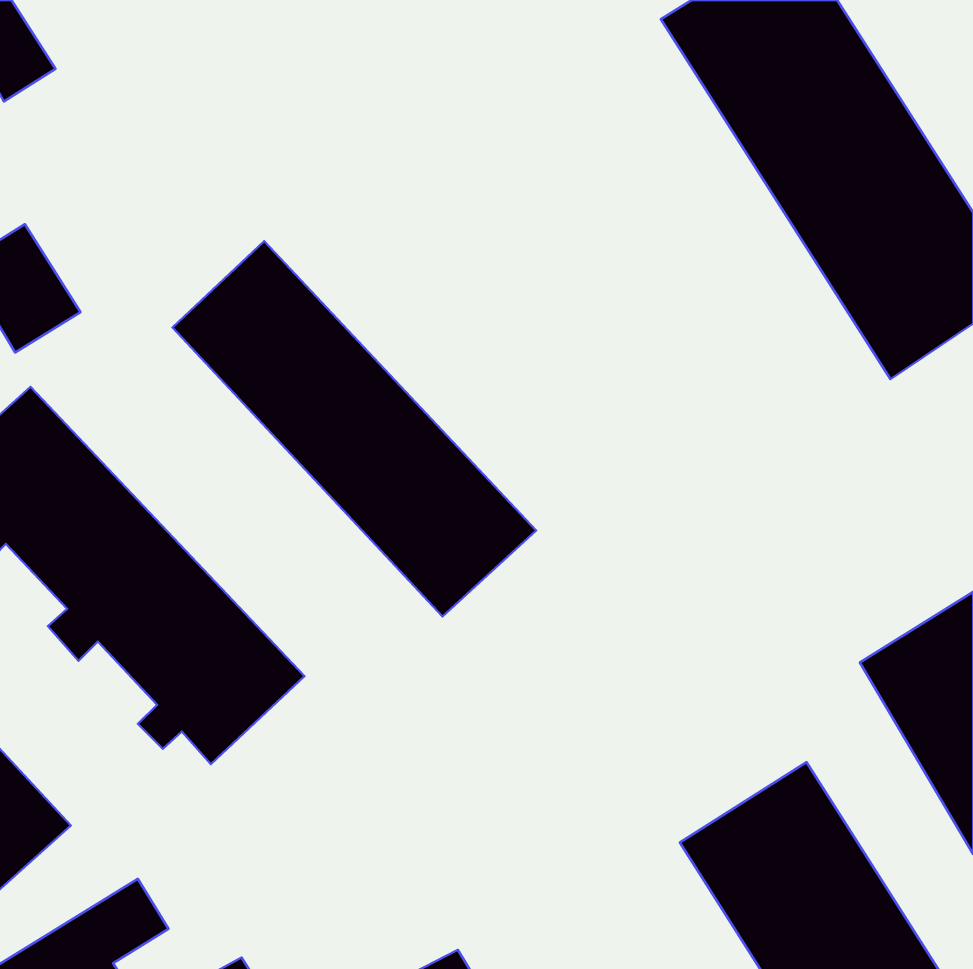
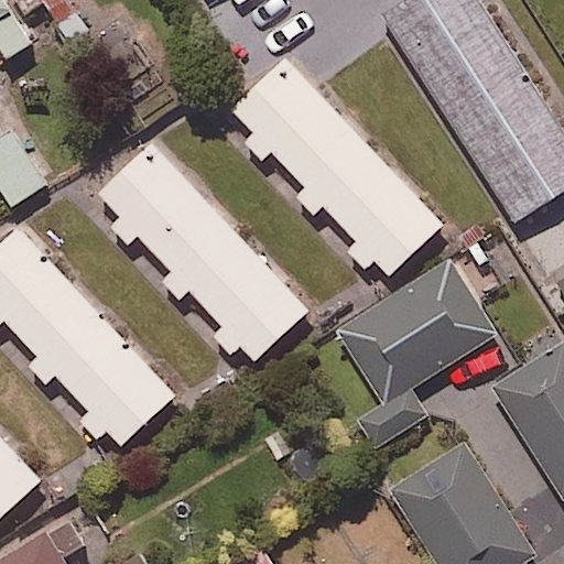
building: none -> [232,59,443,274]
building: none -> [322,261,497,456]

